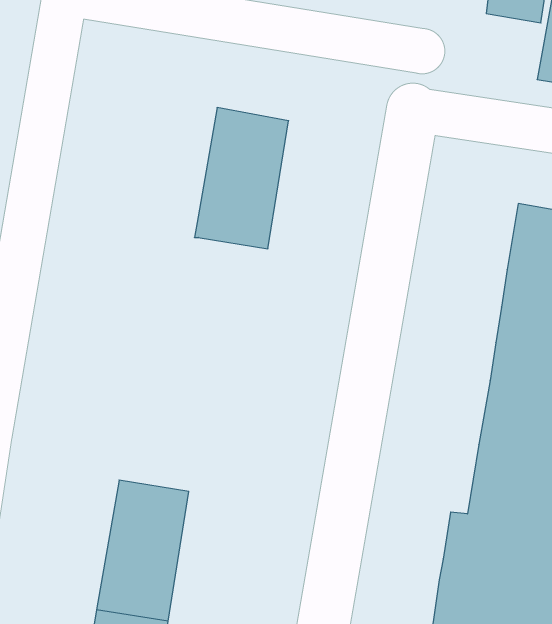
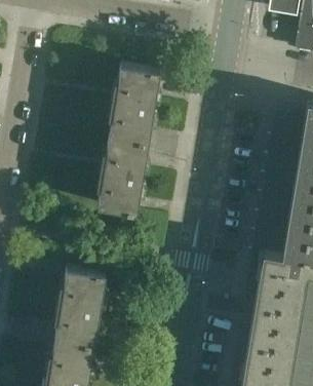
building: none -> [99,134,151,213]

